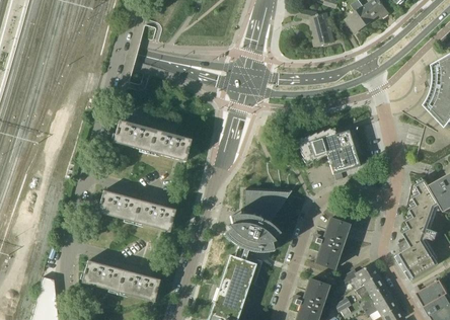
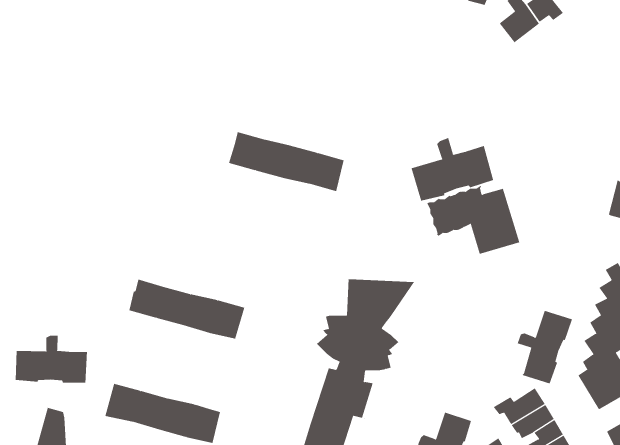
building: [300,9,335,46] -> none
building: none -> [411,137,494,202]
building: [114,121,192,161] -> [228,131,345,192]
building: [312,219,350,268] -> [517,310,573,384]
building: none -> [15,335,87,383]

